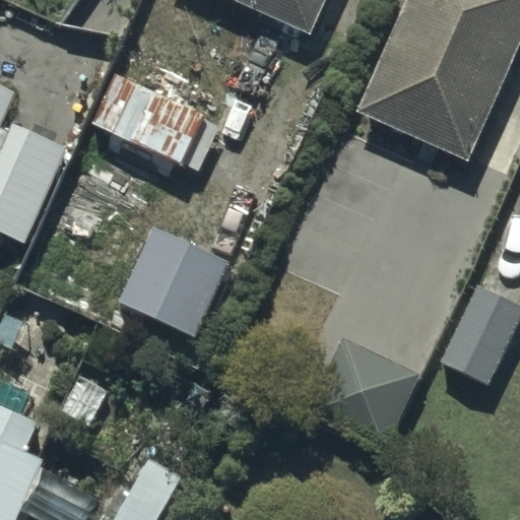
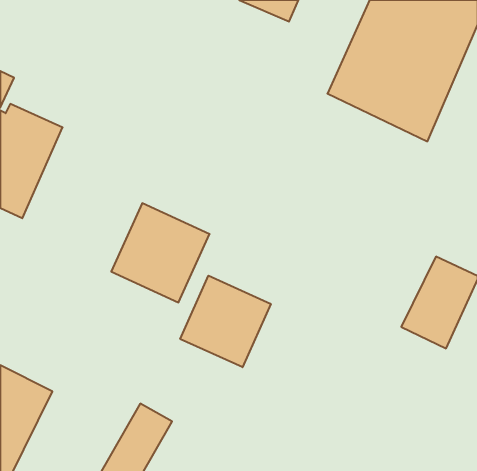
building: [84,71,205,167] -> none
building: none -> [180,276,271,367]
building: [310,336,417,441] -> none

